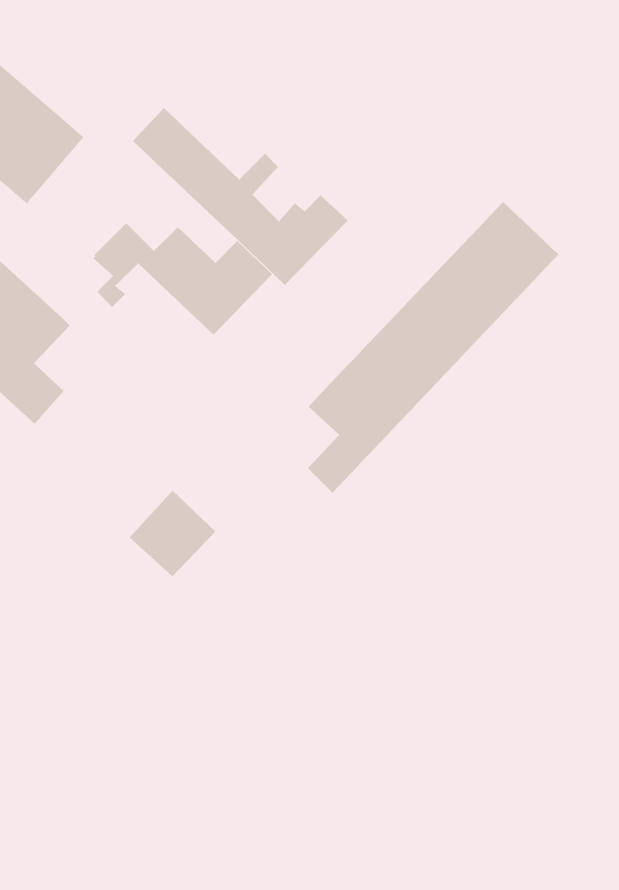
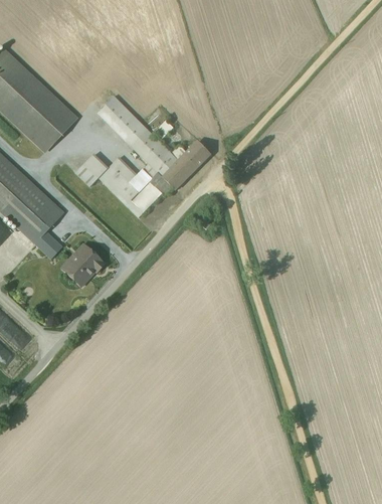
building: [307,201,559,494] -> none
building: [129,490,216,577] -> [59,244,104,289]

